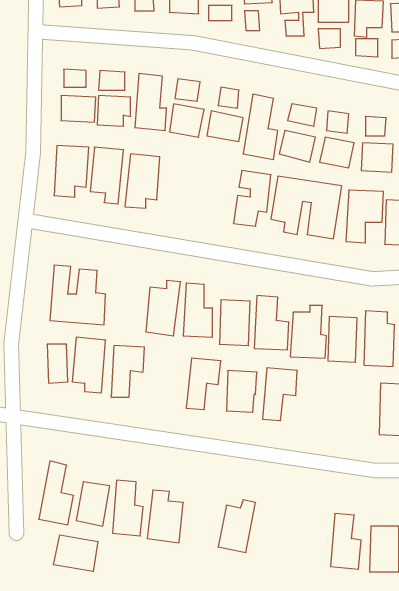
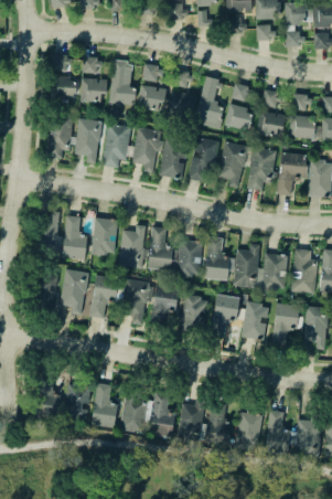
building: none -> [132,127,188,178]
building: none -> [92,216,118,255]
building: none -> [124,279,153,323]
building: none -> [242,301,269,338]
building: none -> [274,304,302,344]
building: none -> [150,393,175,436]
building: none -> [206,402,233,446]
building: none -> [235,411,264,449]
building: [53,535,98,572] -> none

